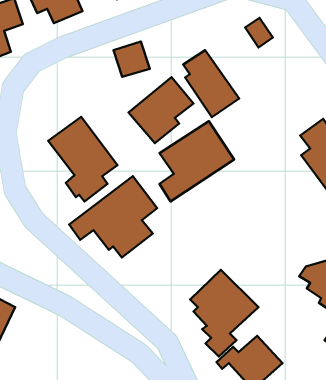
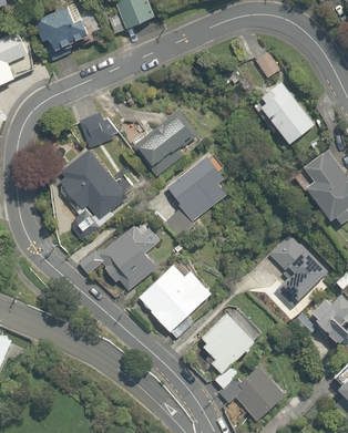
building: [113,41,150,77] -> [78,110,114,145]
building: [183,50,239,117] -> [259,78,316,145]
building: none -> [263,229,326,306]
building: none -> [139,258,208,332]

